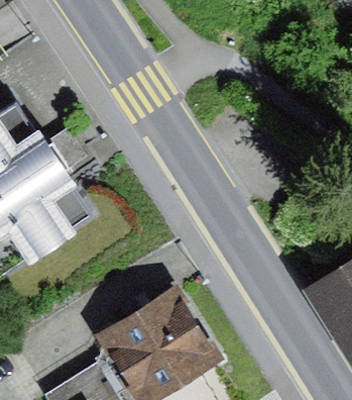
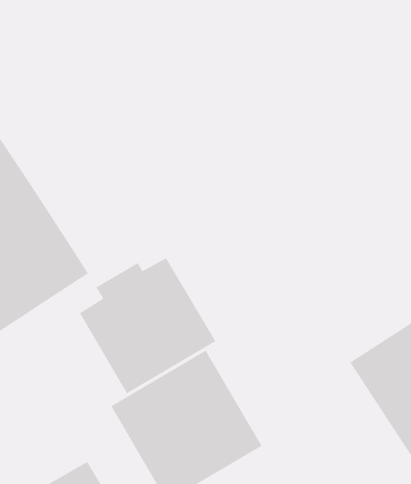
building: none -> [79,258,216,394]

